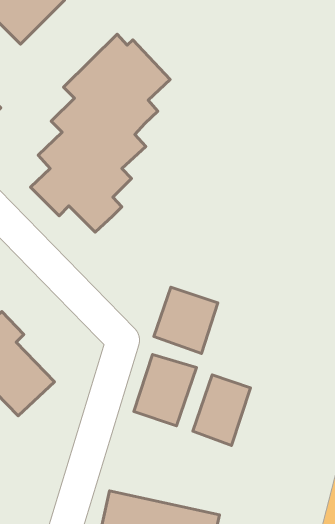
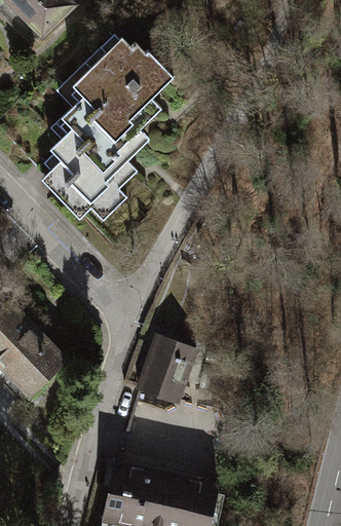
building: [154,287,218,354] -> none
building: [193,375,250,446] -> none

